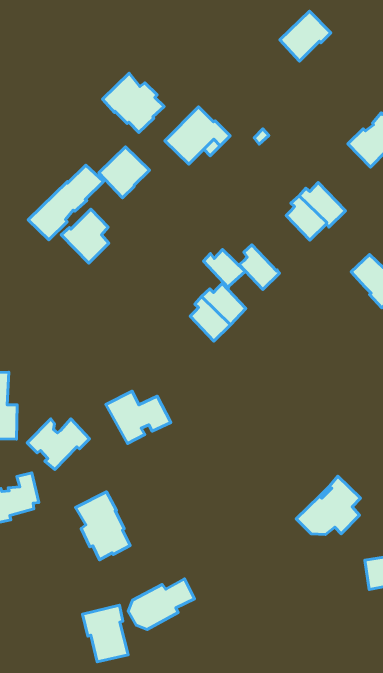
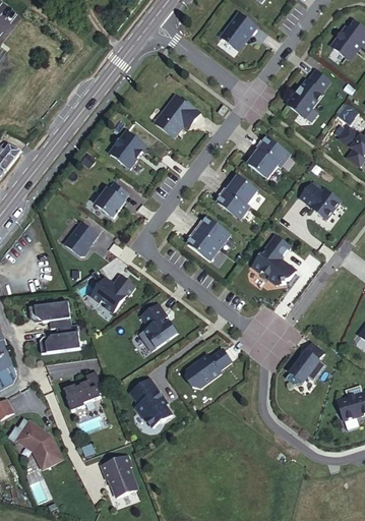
building: [103,73,164,133] -> none
building: [28,165,103,240] -> none
building: [204,250,245,288] -> [227,177,257,204]
building: none -> [64,221,97,254]
building: none -> [251,235,296,284]
building: [27,419,89,470] -> [92,274,135,311]
building: [128,579,194,629] -> [186,347,232,387]
building: [82,605,128,662] -> [100,455,136,498]

